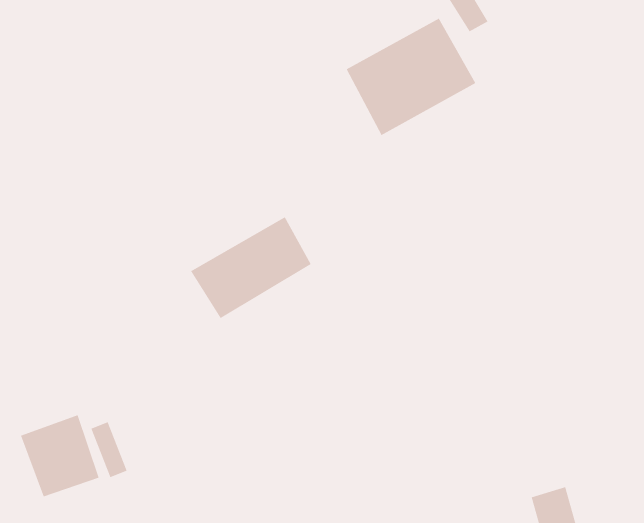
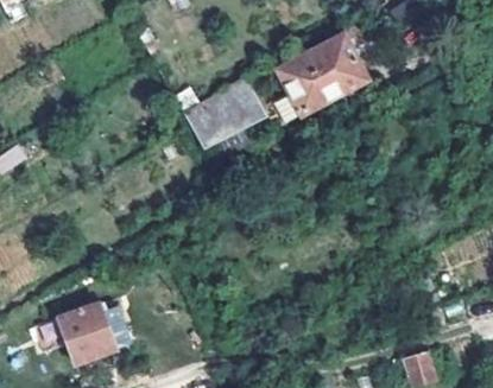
building: [190,217,312,319] -> [179,77,261,146]

